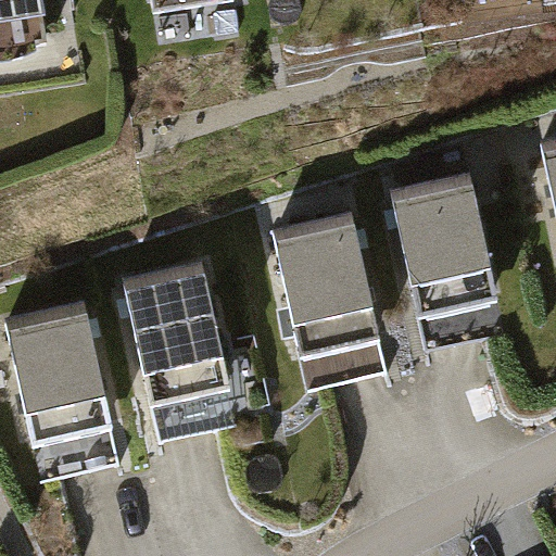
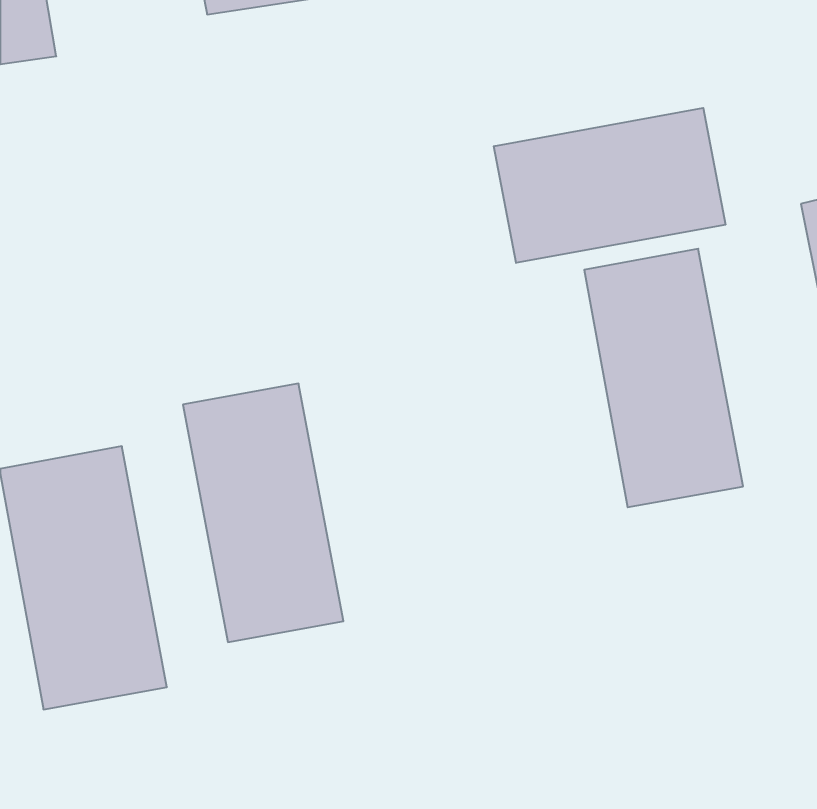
building: none -> [494,108,725,263]
building: [271,211,381,382] -> none

